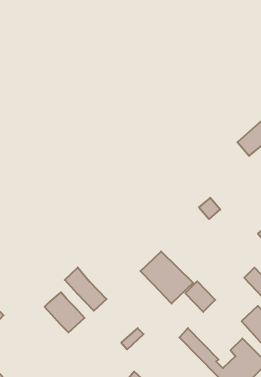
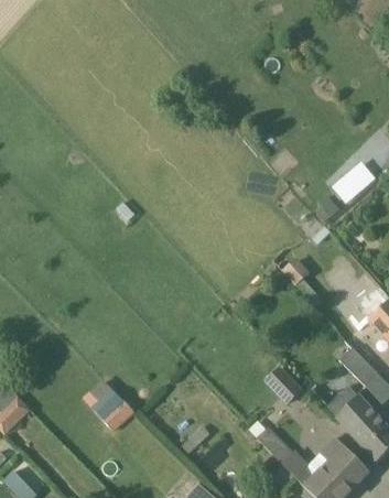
building: [140,251,193,304] -> none
building: [65,267,107,311] -> none

